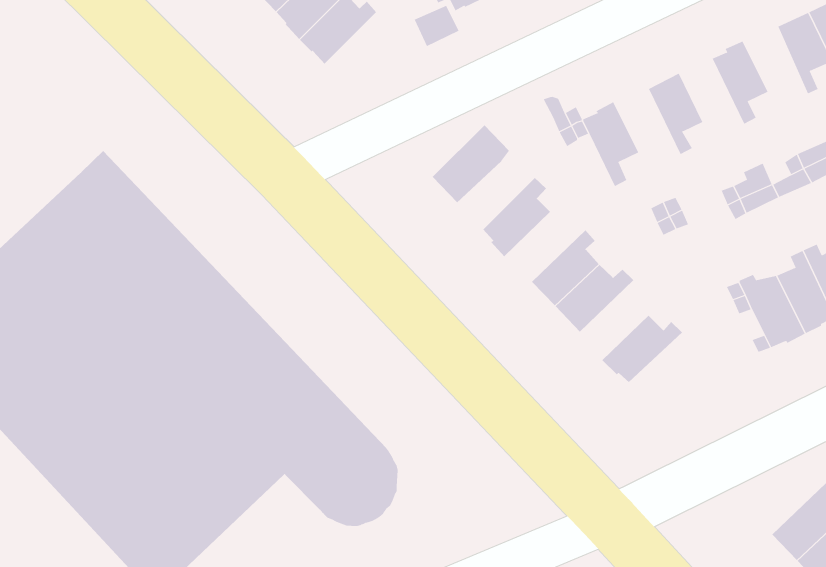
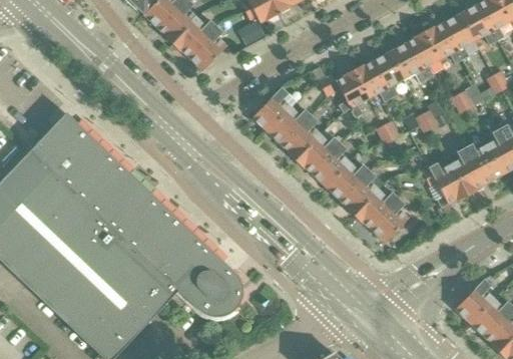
building: none -> [188,26,226,70]
building: none -> [424,22,462,63]
building: none -> [389,42,427,88]
building: none -> [353,61,392,101]
building: none -> [268,106,311,145]
building: none -> [296,133,341,173]
building: none -> [341,169,385,216]
building: none -> [370,198,409,243]

